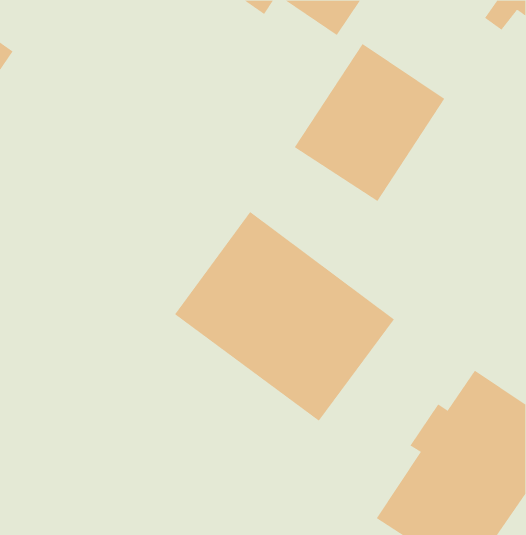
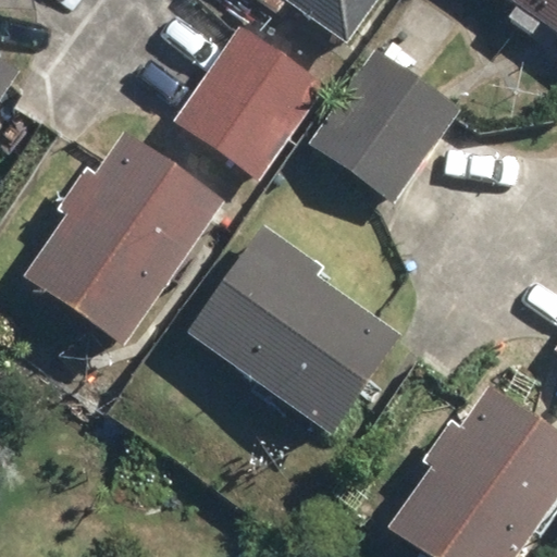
building: none -> [176,21,327,175]
building: none -> [25,132,222,343]

